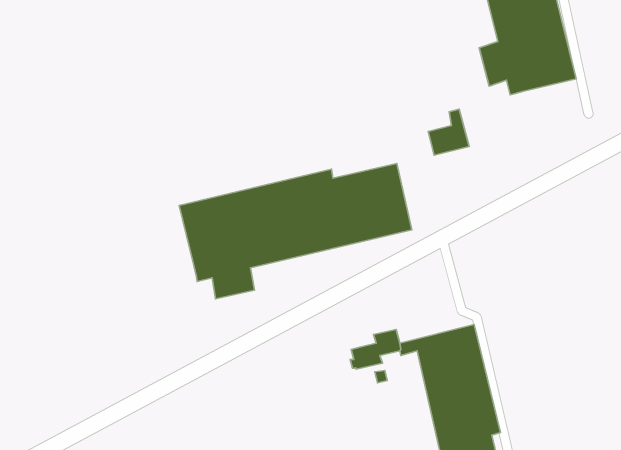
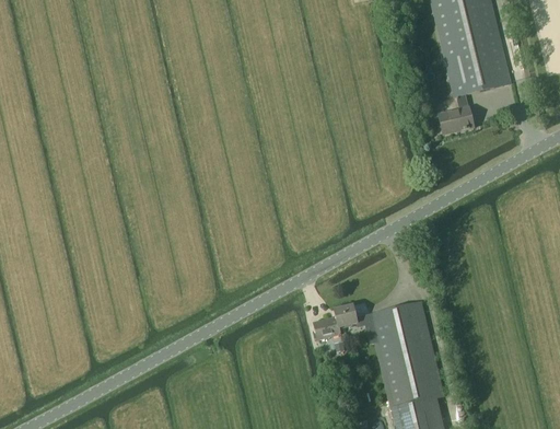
building: [428,109,469,155] -> [438,94,474,135]
building: [179,164,412,299] -> none

